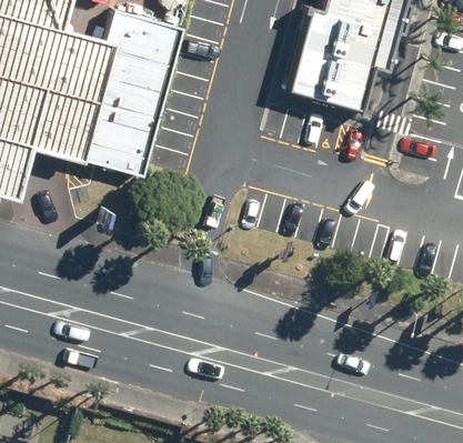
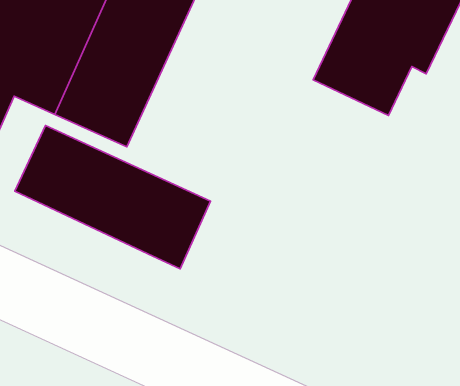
building: none -> [15,126,211,269]

